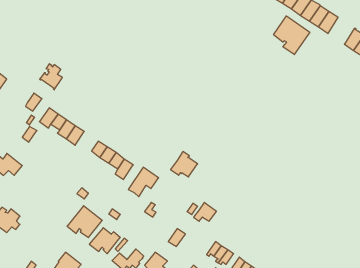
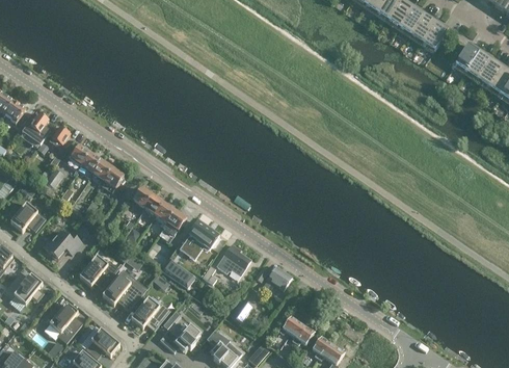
building: [274,16,310,55] -> none
building: [40,64,62,90] -> [21,111,50,144]
building: [171,152,198,177] -> [216,243,250,275]
building: none -> [46,231,81,258]
building: none -> [79,255,118,288]
building: none -> [160,258,195,288]
building: none -> [49,303,82,343]

